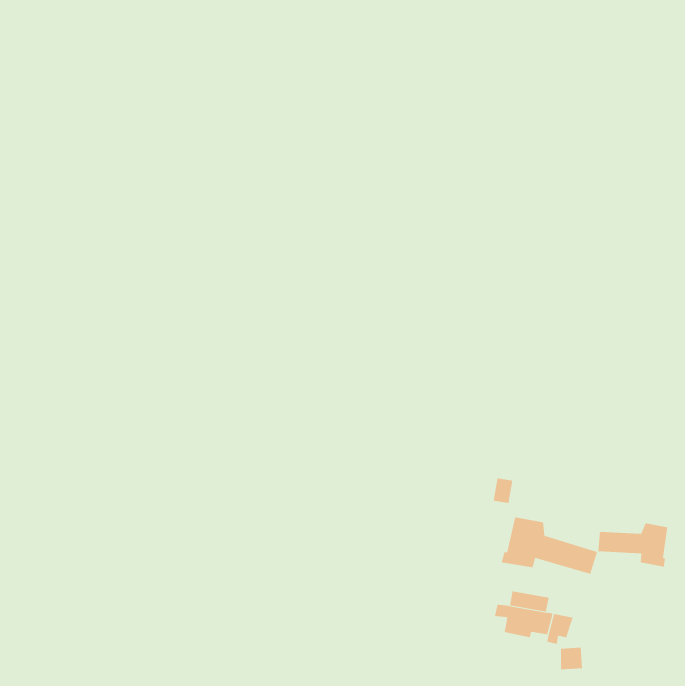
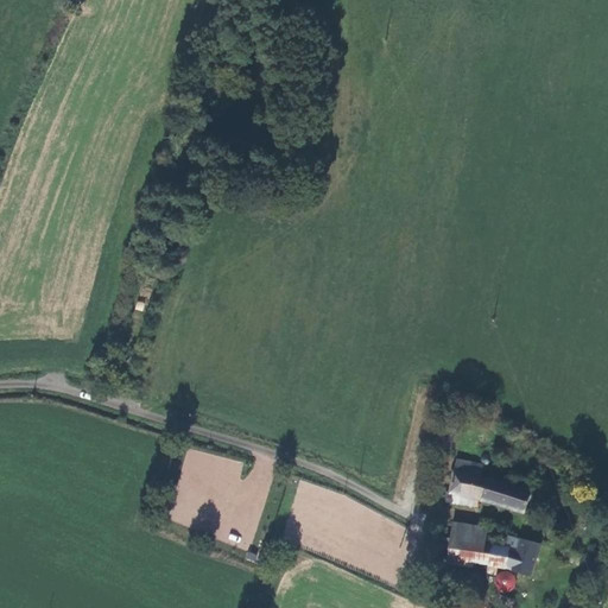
building: [598,523,668,568] -> none
building: none -> [511,537,539,574]

